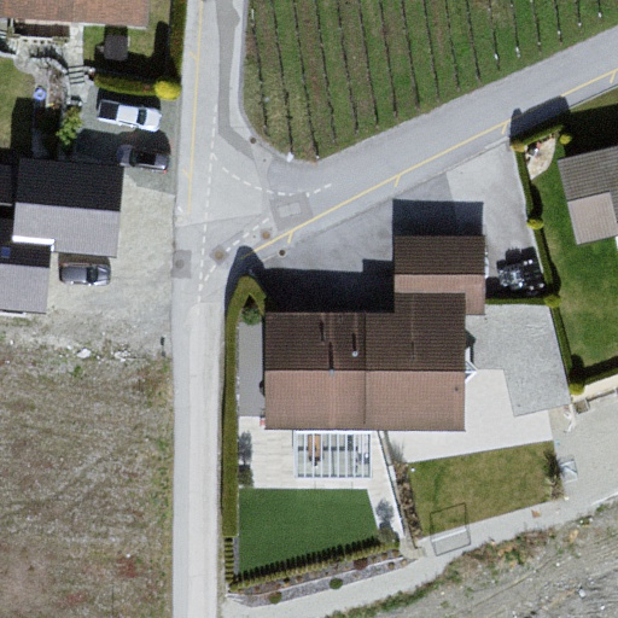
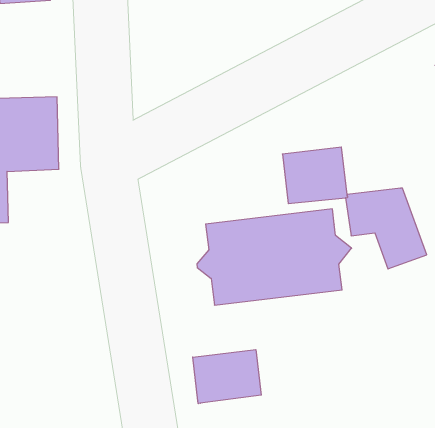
building: none -> [193,350,261,404]

